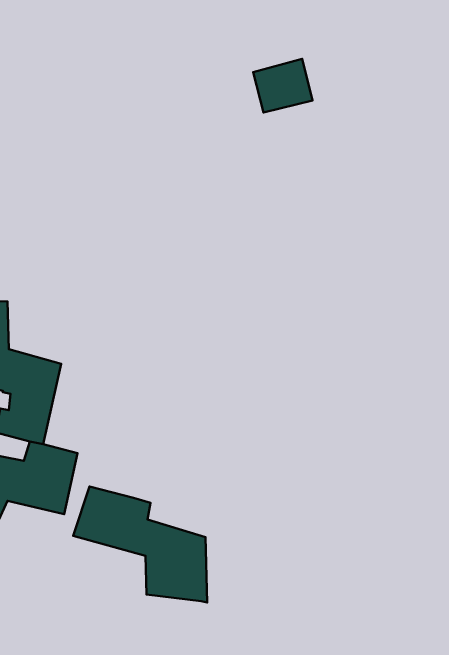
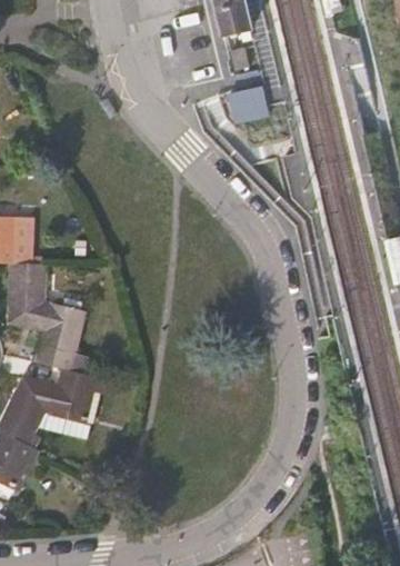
building: [73,486,207,603] -> none

